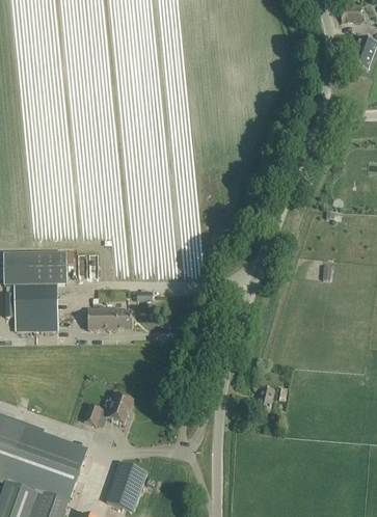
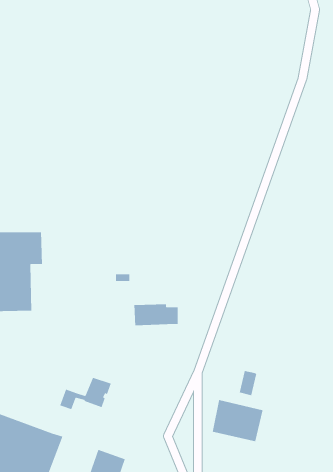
building: [88,307,132,329] -> [133,303,179,326]
building: none -> [212,399,264,442]

